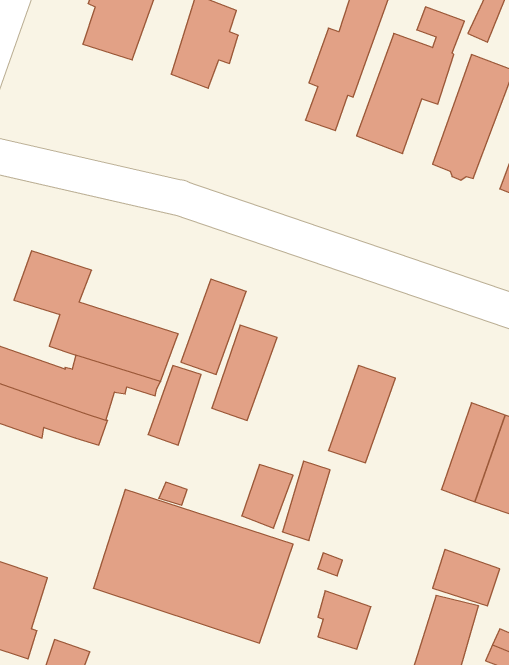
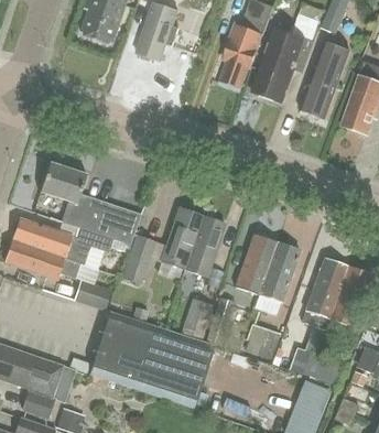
building: [181,279,246,374] -> [184,216,225,275]
building: none -> [258,241,300,302]
building: none -> [71,279,107,308]
building: [318,591,371,649] -> [249,322,282,358]

